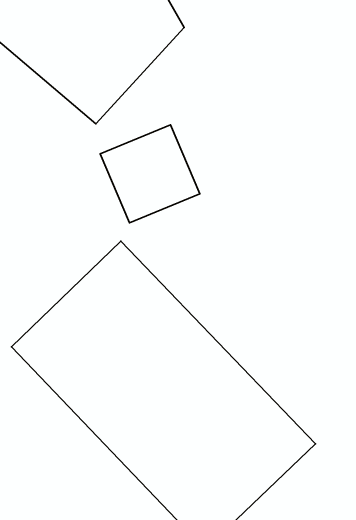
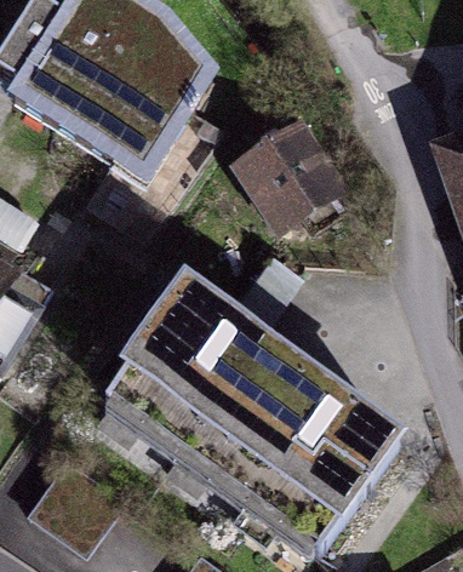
building: [100,125,200,223] -> [235,119,336,218]

